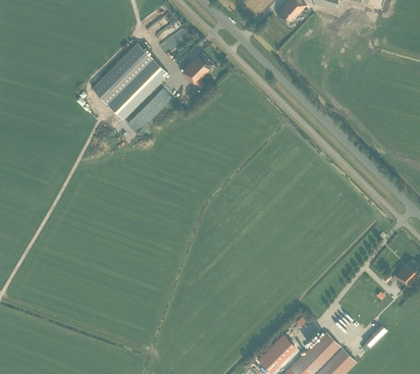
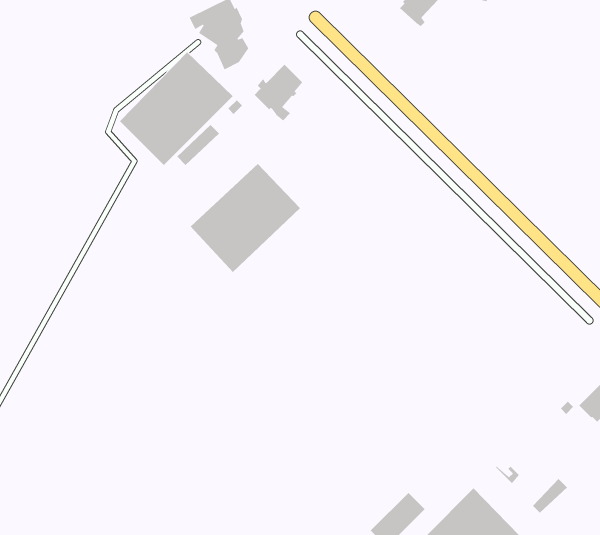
building: none -> [190,163,301,273]

